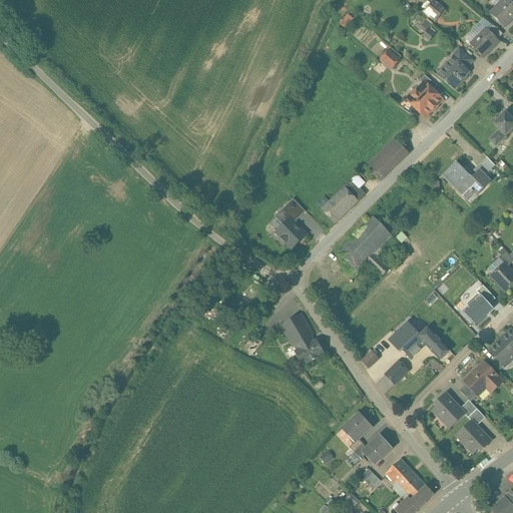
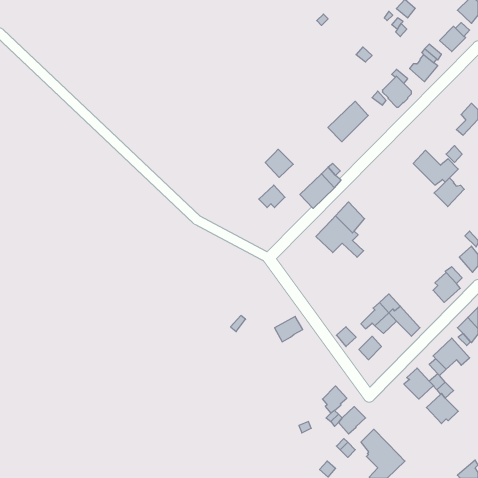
building: [365,137,408,180] -> [328,101,368,142]
building: none -> [434,178,464,207]
building: [276,217,306,247] -> [265,149,293,177]
building: [280,313,316,350] -> none

